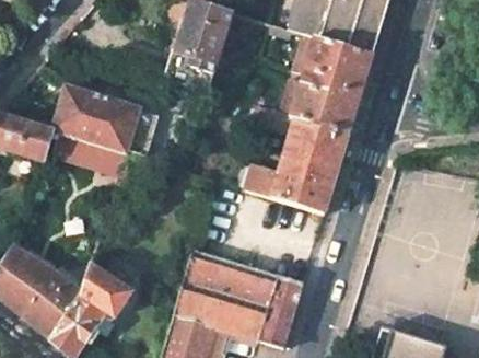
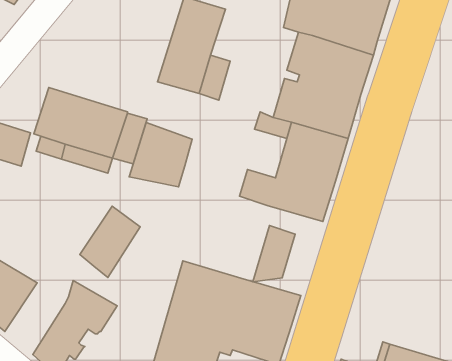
building: none -> [129,122,192,187]
building: none -> [253,226,295,282]
building: [24,270,81,338] -> [80,206,140,278]

